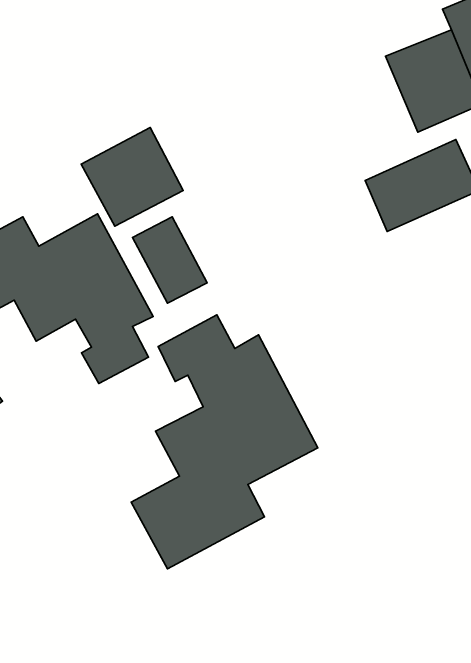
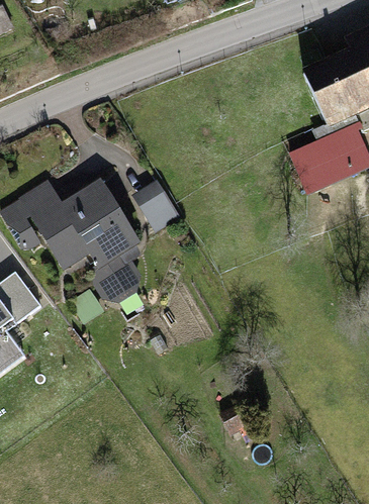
building: [81,128,183,226] -> none
building: [131,315,318,569] -> none

